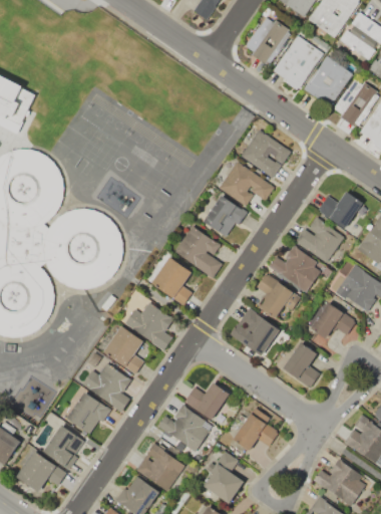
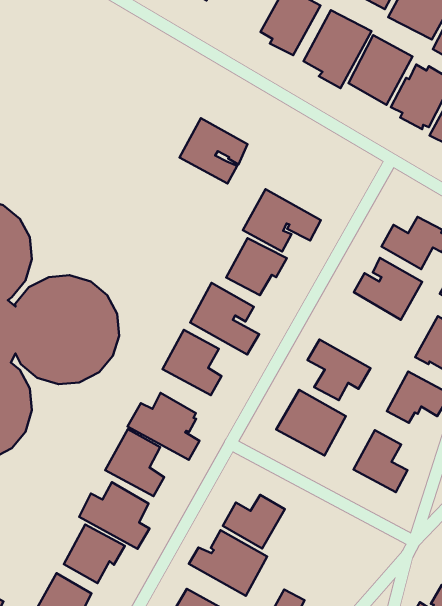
building: [241,128,291,178] -> [179,118,248,183]
building: [267,245,322,294] -> none
building: [232,408,278,451] -> none

